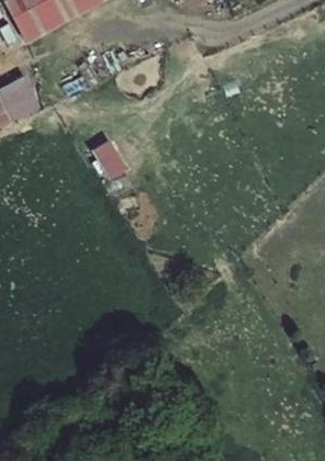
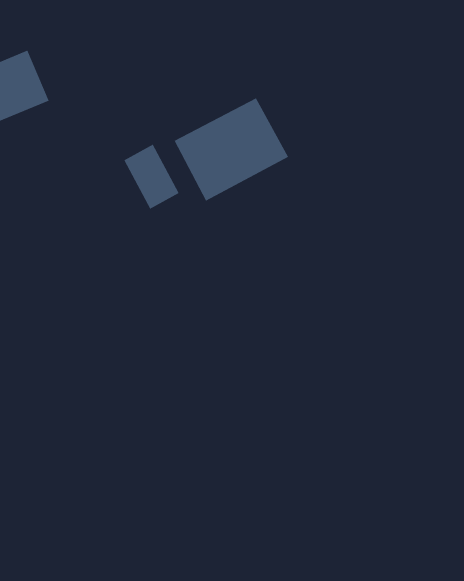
building: none -> [174,98,289,201]

